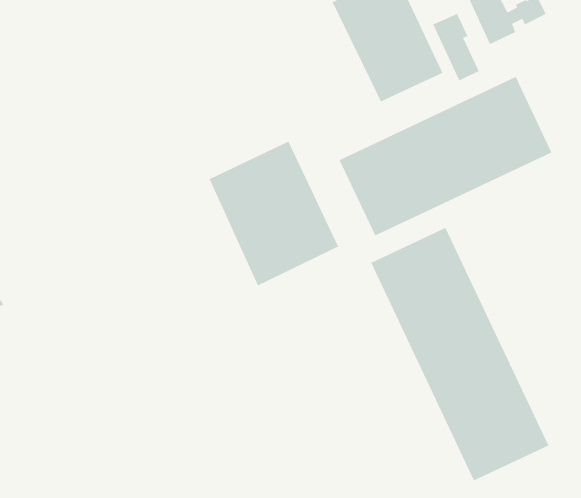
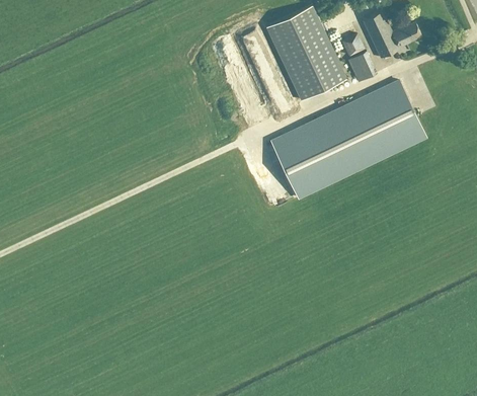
building: [209,141,339,286] -> none
building: [370,227,549,482] -> none

